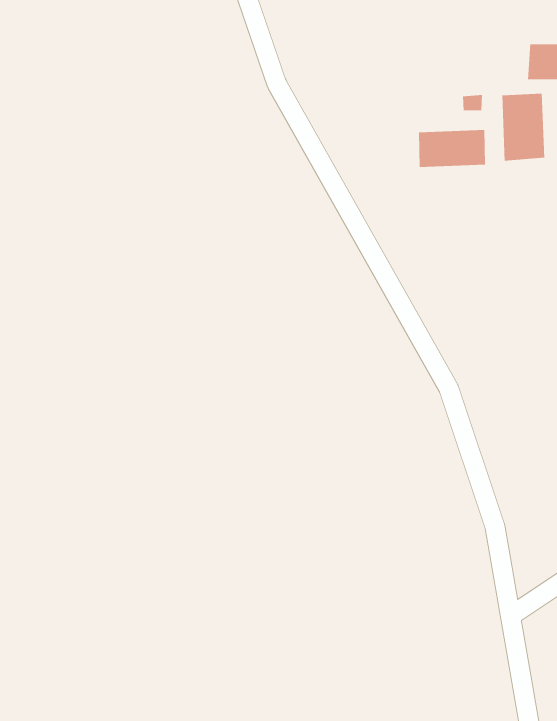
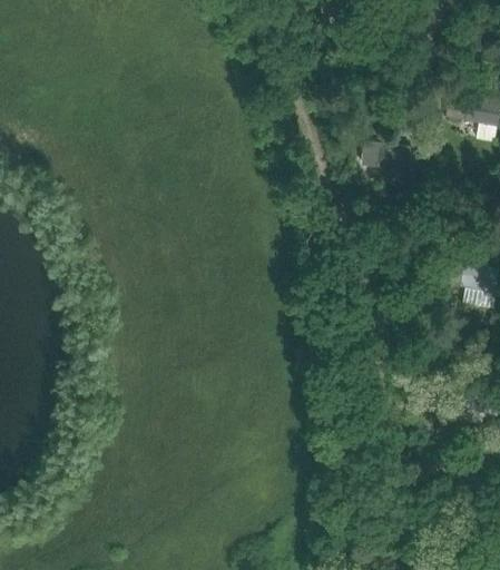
building: [502,93,545,162] -> none

